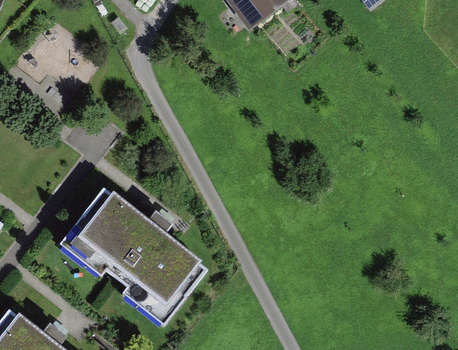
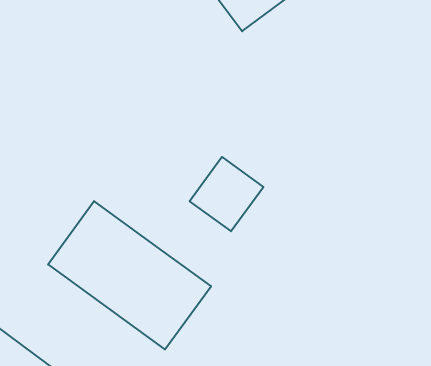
building: none -> [190,157,263,231]

